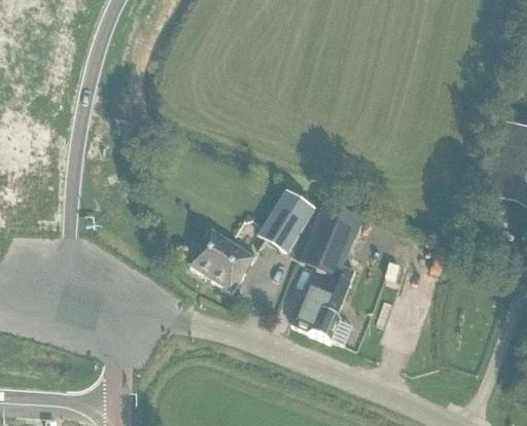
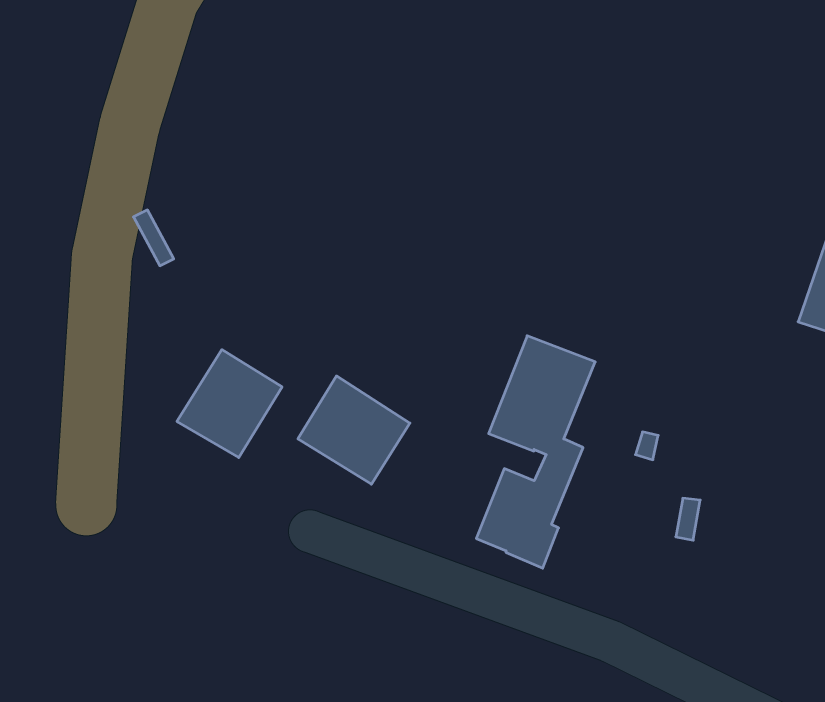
building: [259,189,316,252] -> none
building: none -> [177,350,282,458]

